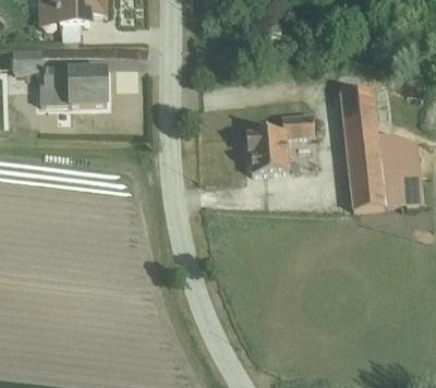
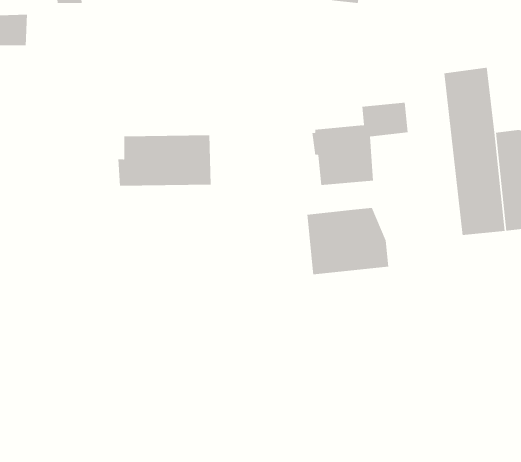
building: [39,64,107,101] -> [117,135,212,186]
building: none -> [307,207,389,275]

